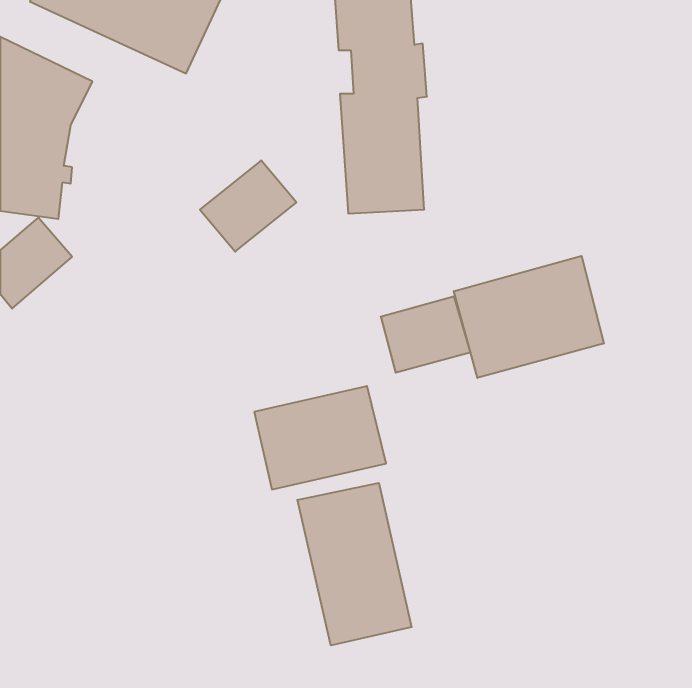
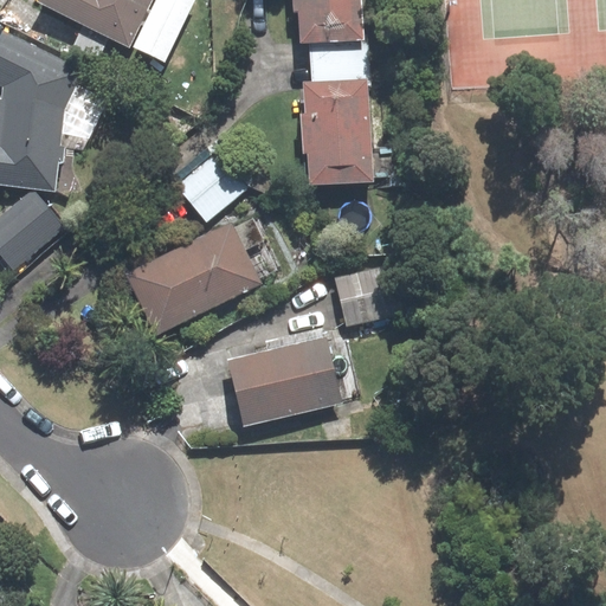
building: none -> [125,221,259,334]
building: [454,256,604,378] -> none
building: [297,483,412,645] -> none

